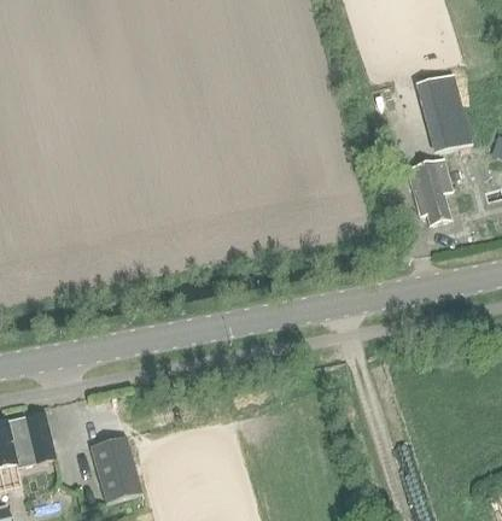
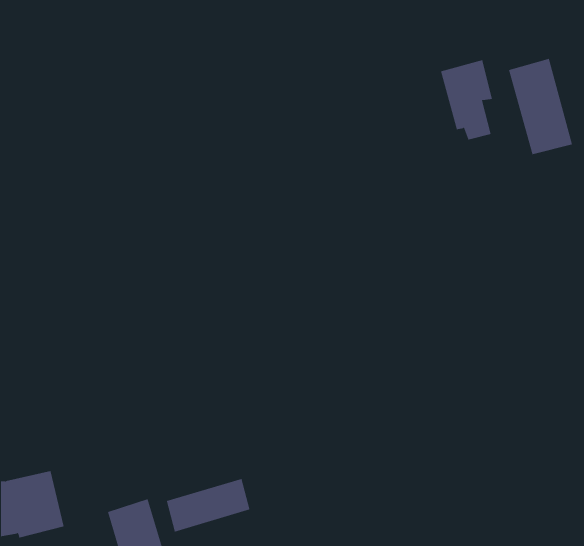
building: [407,158,450,224] -> [440,59,493,140]
building: none -> [166,478,250,532]

